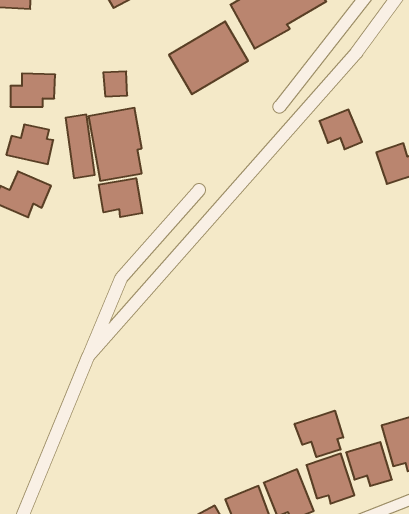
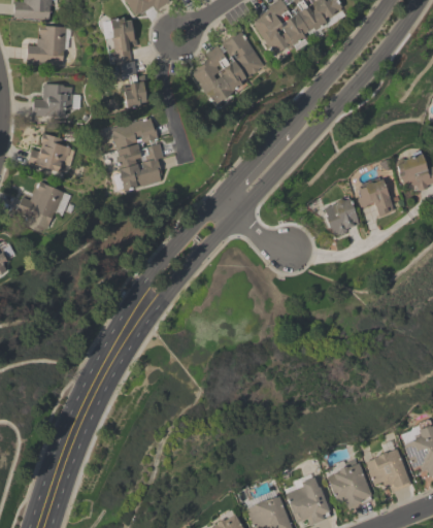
building: none -> [27,26,68,64]
building: [319,110,362,149] -> [353,177,395,217]
building: [66,115,95,178] -> [109,16,138,79]
building: [99,178,142,217] -> none
building: none -> [322,197,360,237]
building: [295,411,343,457] -> none

